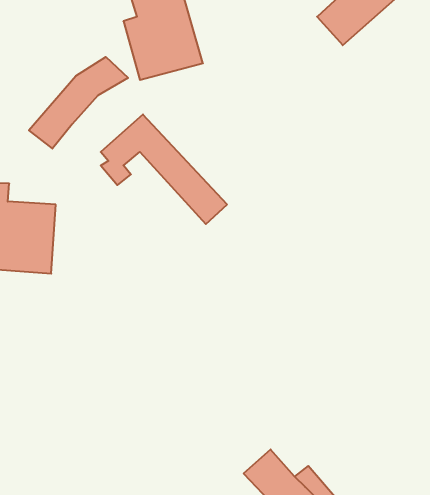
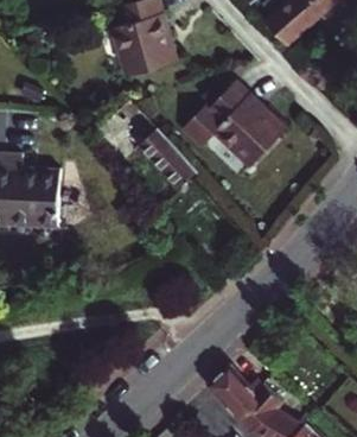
building: [29,57,128,149] -> none
building: none -> [187,82,286,166]

